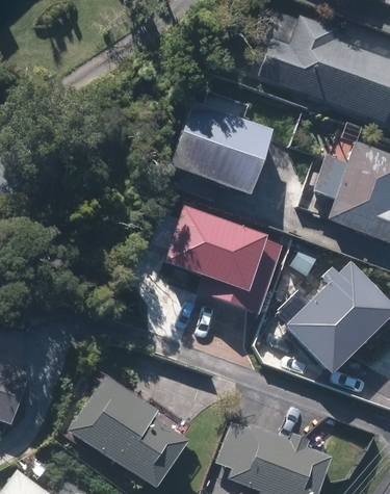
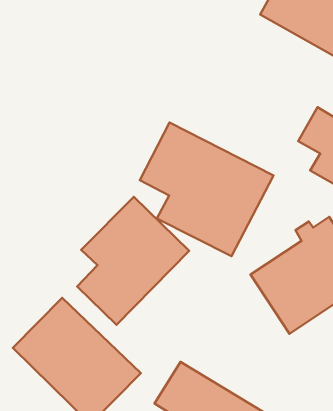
building: [166,99,272,196] -> none
building: none -> [77,197,189,325]

